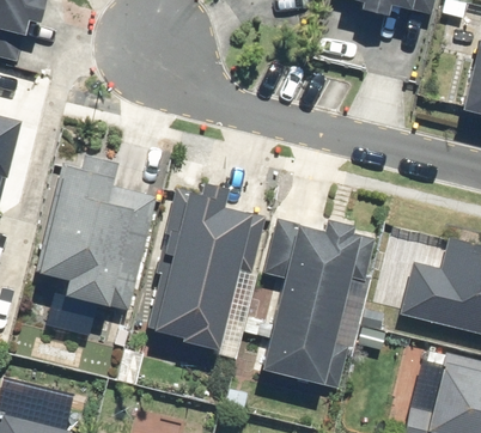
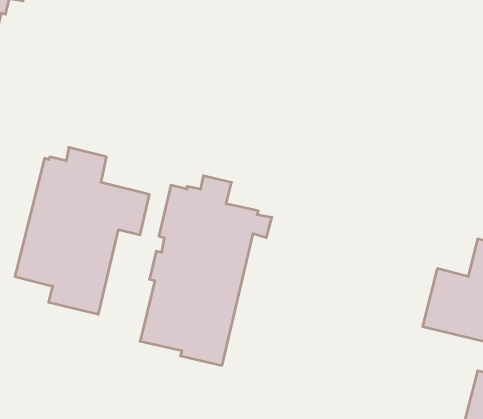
building: [263,219,363,383] -> none

